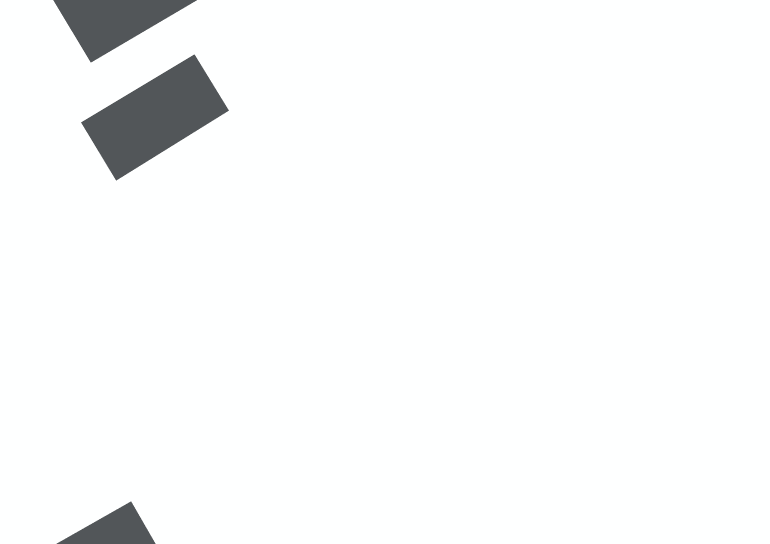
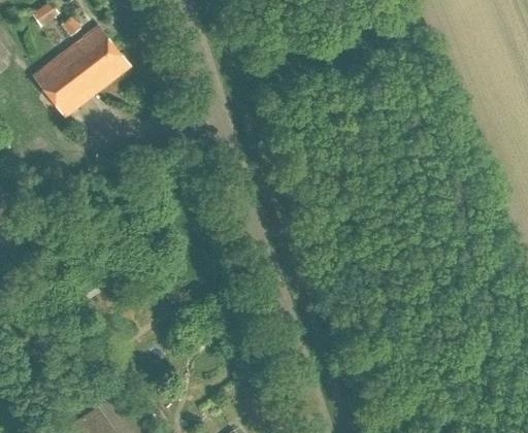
building: [80,53,230,182] -> none

